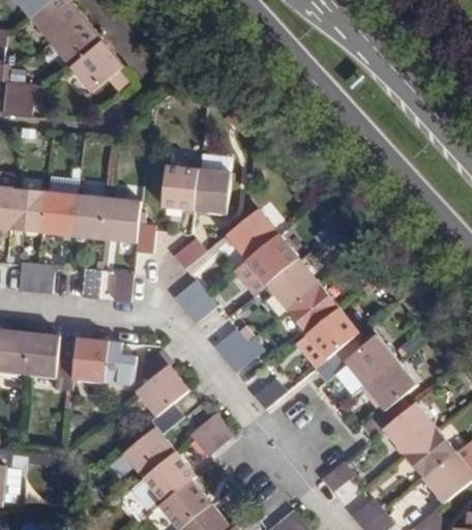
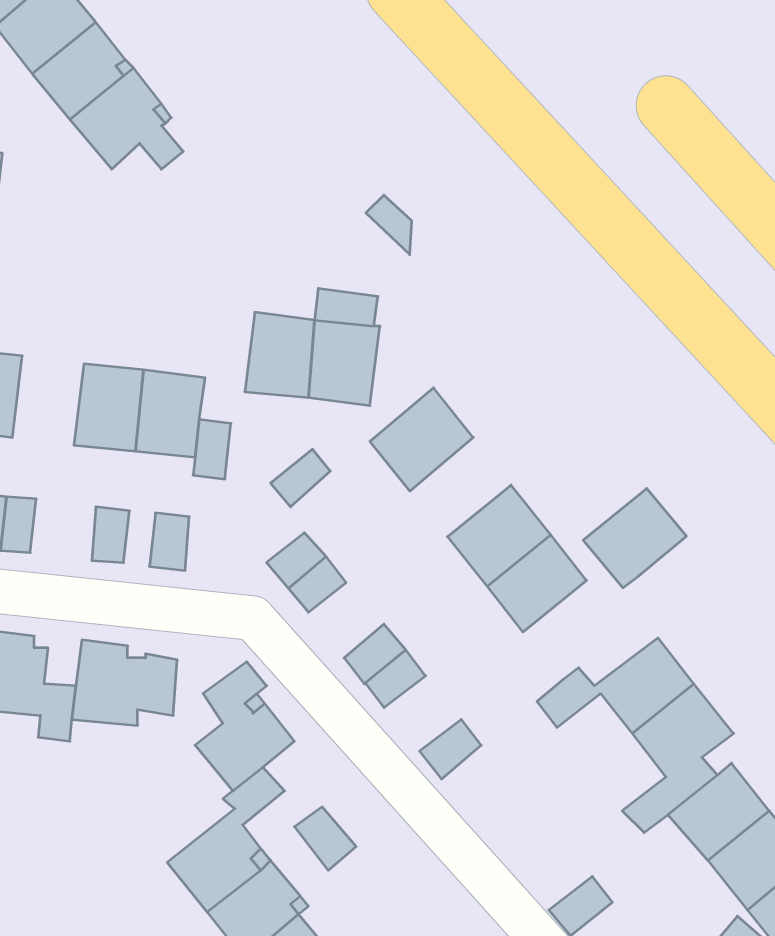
building: [40,189,78,236] -> none
building: [247,232,300,284] -> none
building: [306,306,360,358] -> [583,488,686,588]

